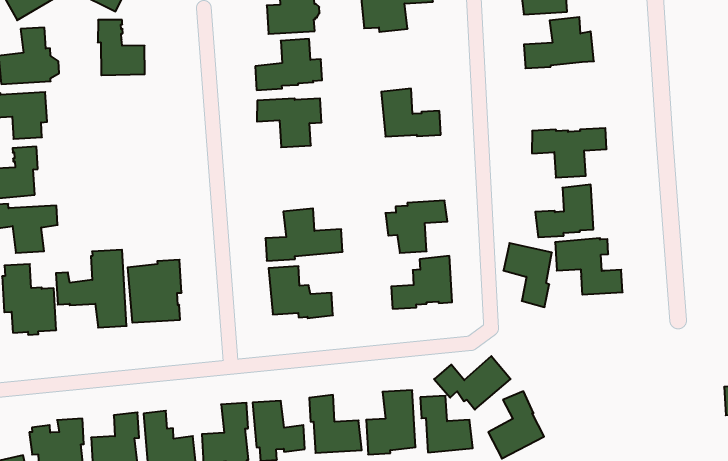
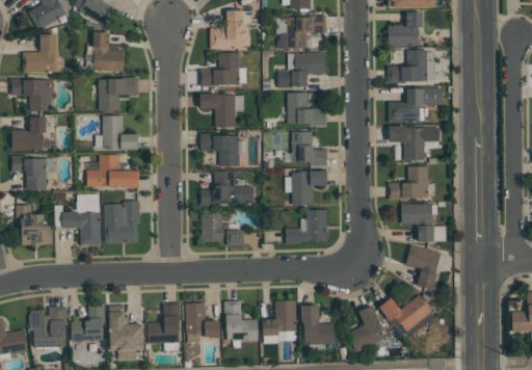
building: none -> [277,51,326,88]
building: none -> [388,87,442,122]
building: none -> [99,77,138,110]
building: none -> [96,115,138,150]
building: none -> [292,131,327,165]
building: none -> [201,133,246,165]
building: none -> [87,154,139,187]
building: [503,243,552,307] -> [406,244,441,290]
building: [434,356,511,410] -> [379,294,432,331]

